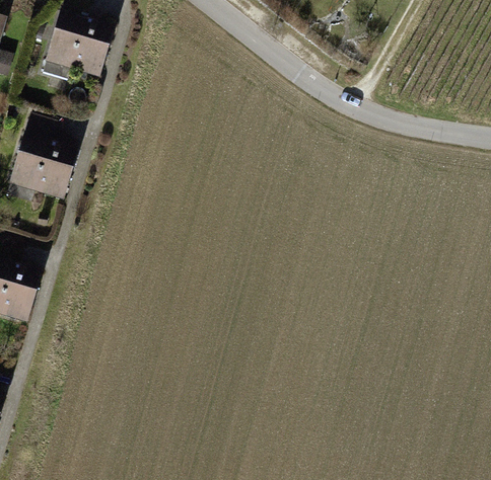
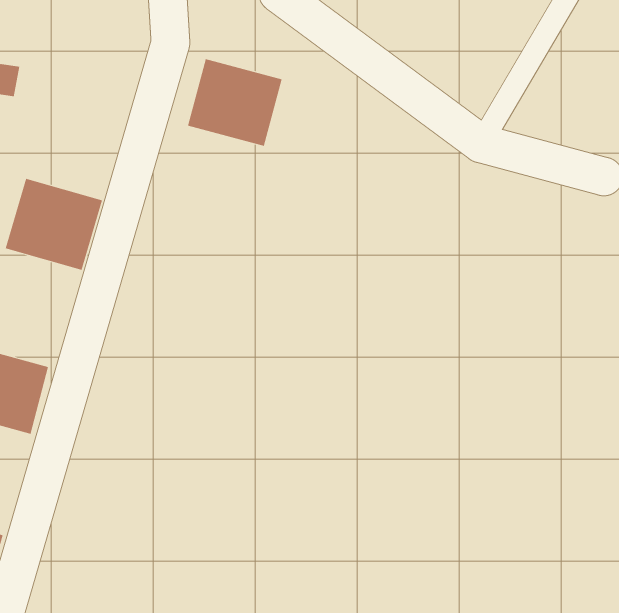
building: [43,12,113,77] -> [187,58,283,147]

